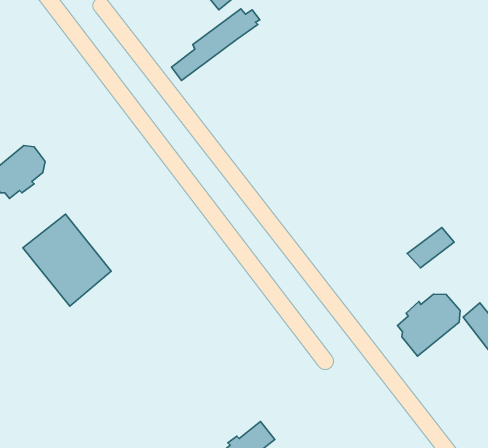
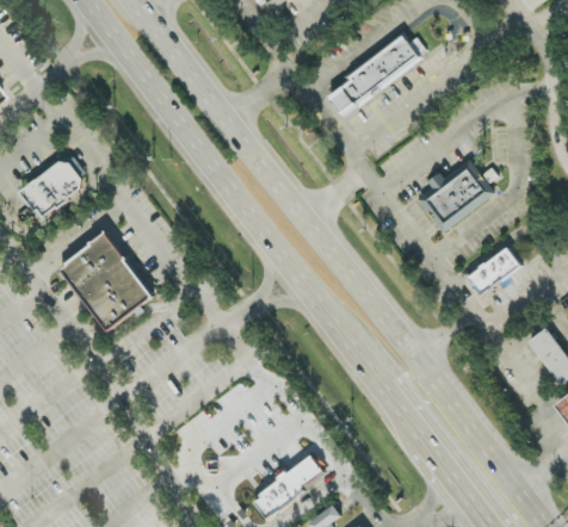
building: [171,9,260,80] -> [329,37,424,113]
building: none -> [419,157,494,229]
building: [397,294,460,356] -> none

